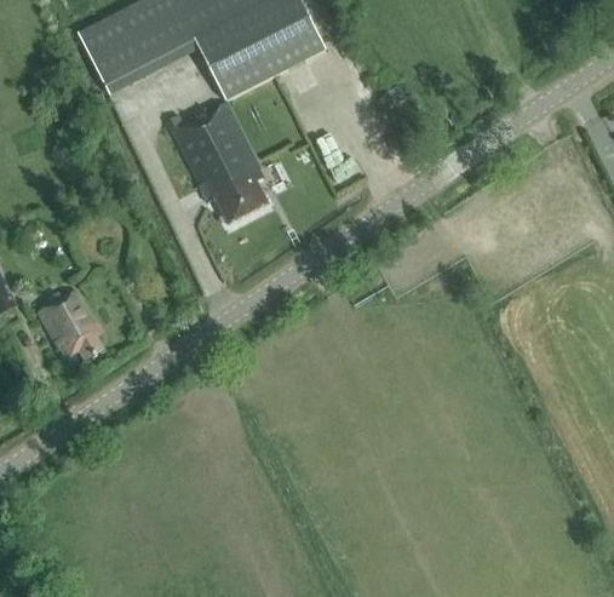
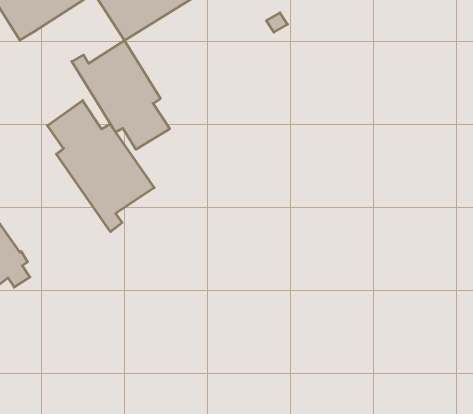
building: none -> [47,100,154,232]

